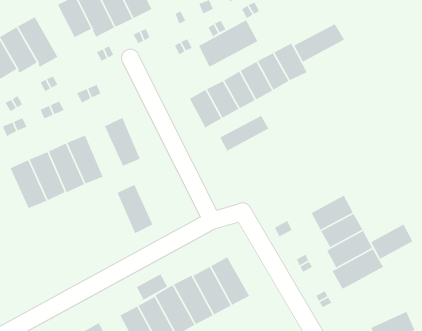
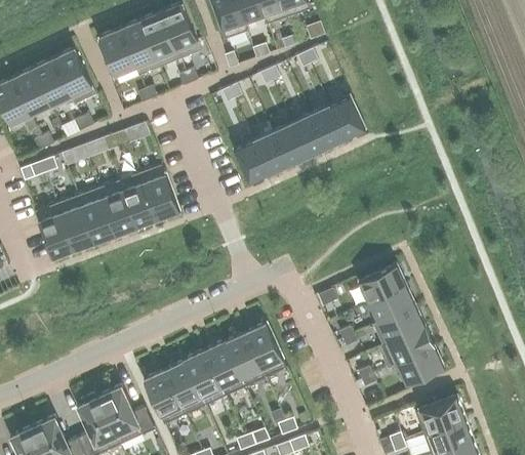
building: [198,19,258,68] -> none
building: [293,23,345,63] -> none
building: [219,115,270,152] -> none
building: [117,184,154,234] -> [120,172,158,226]
building: [370,223,414,260] -> [397,346,444,384]
building: [136,273,168,301] -> none

